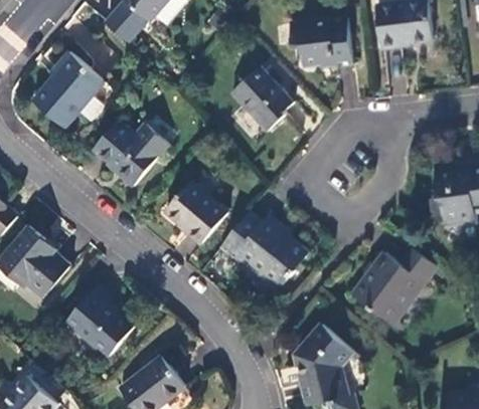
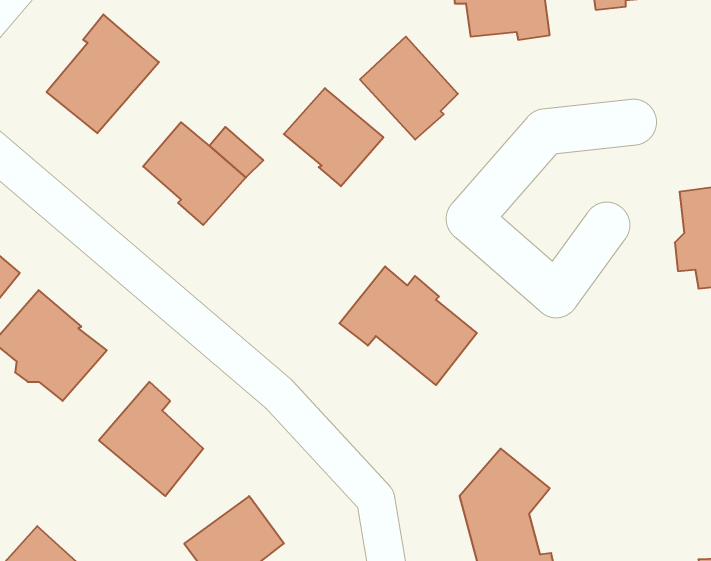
building: [165,181,228,243] -> [284,88,383,186]
building: [352,247,435,321] -> none

